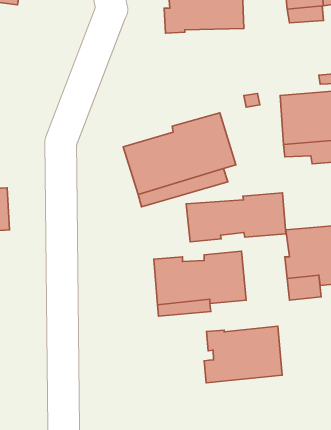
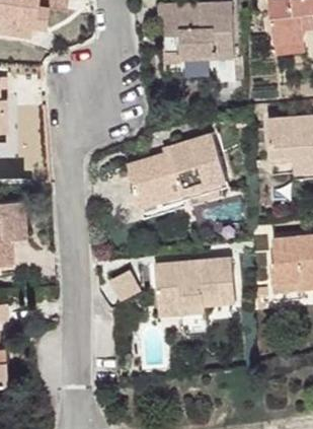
building: [186,193,286,242] -> none
building: [204,326,282,383] -> none

